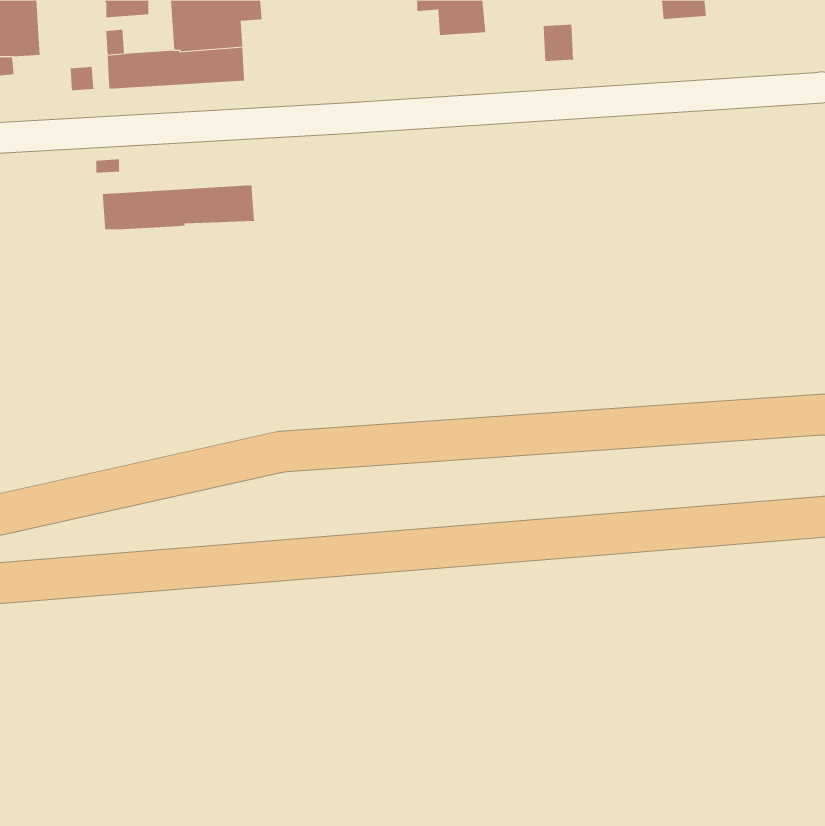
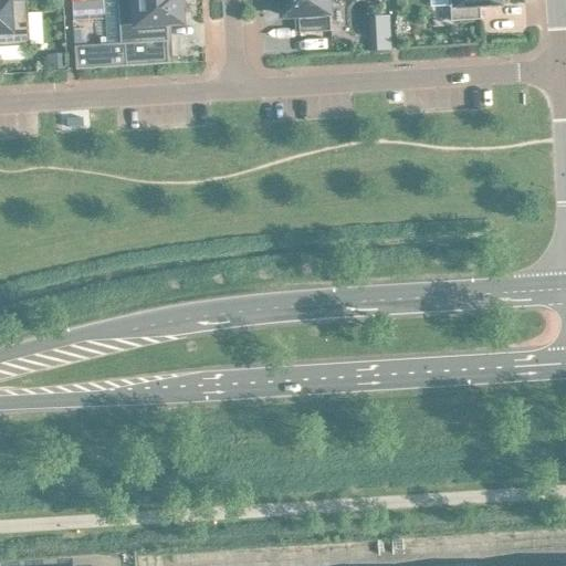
building: [102,185,255,230] -> none

